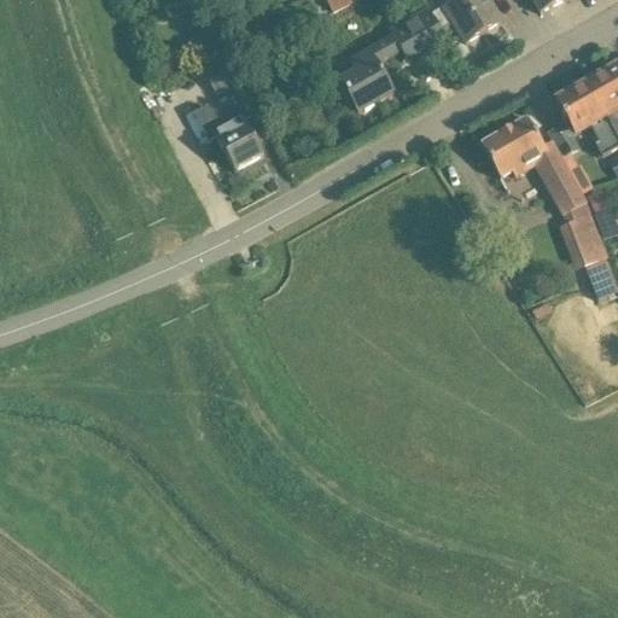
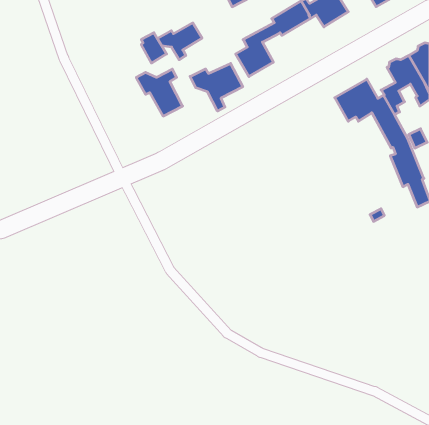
building: none -> [158,23,202,60]
building: none -> [190,63,243,111]

